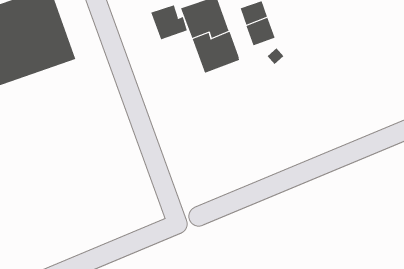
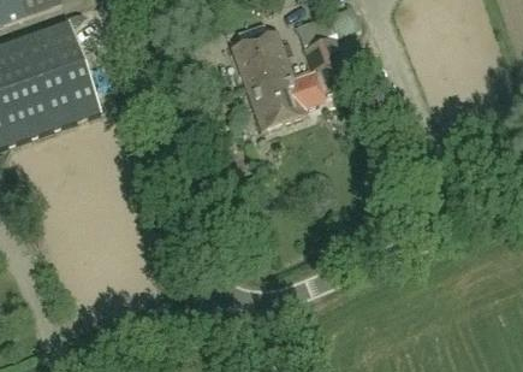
building: [151,5,187,40] -> none

